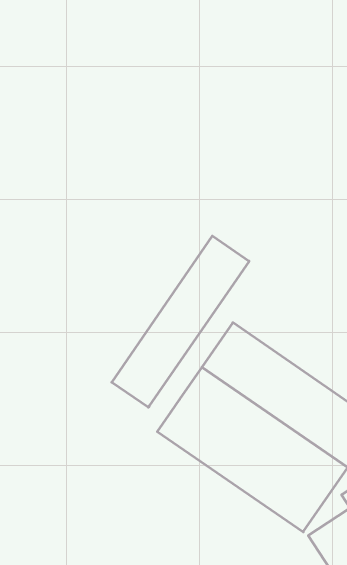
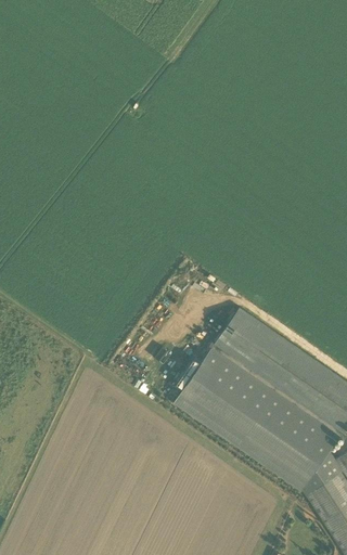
building: [112,236,249,407] -> none

